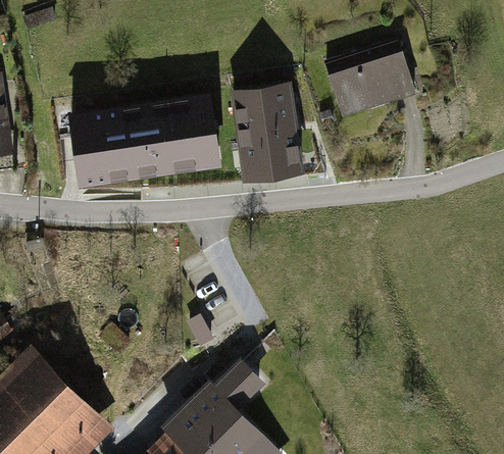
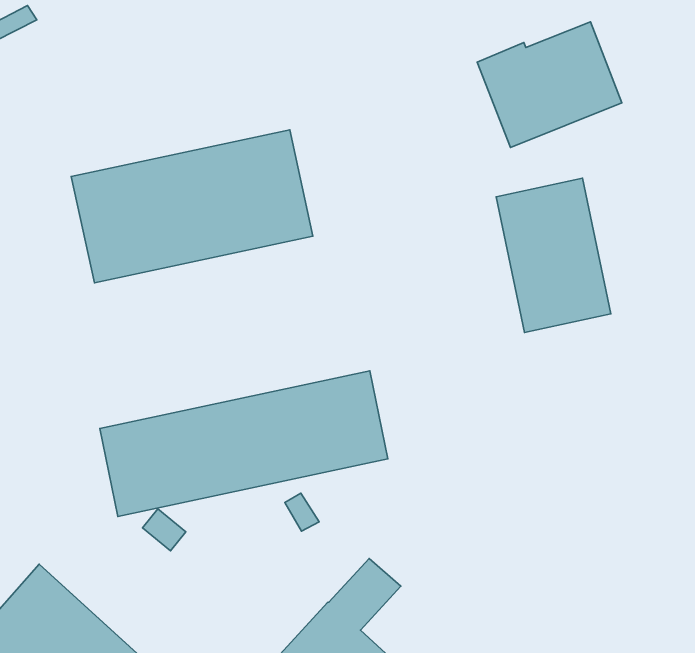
building: [234,86,300,179] -> [496,178,611,332]
building: none -> [100,371,388,517]

